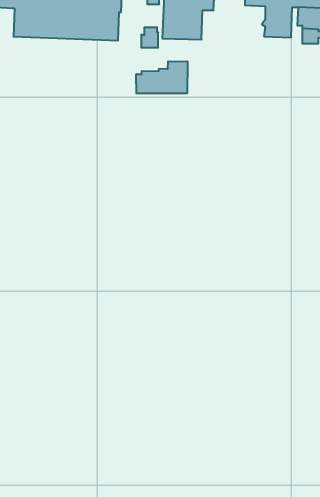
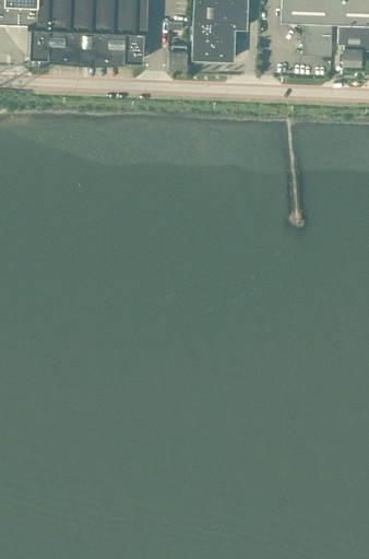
building: [136,61,187,93] -> none

